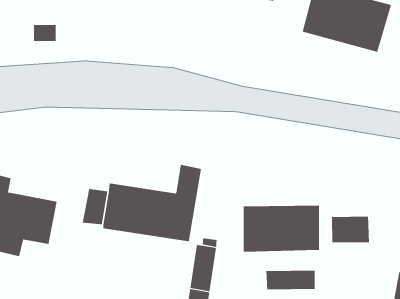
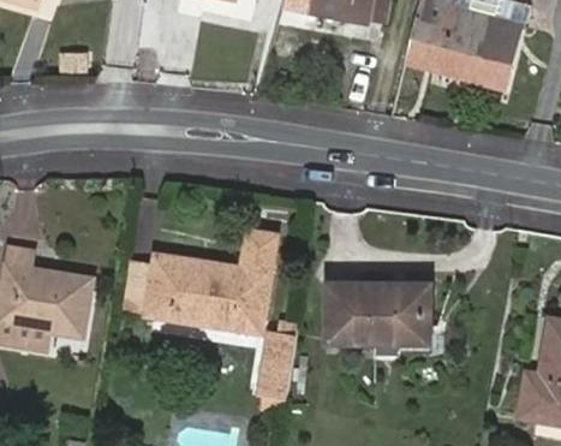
building: [332,216,370,243] -> none
building: [266,270,315,290] -> none

